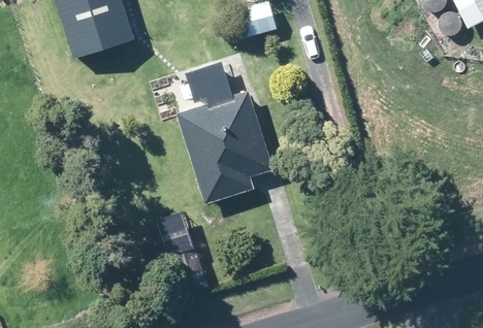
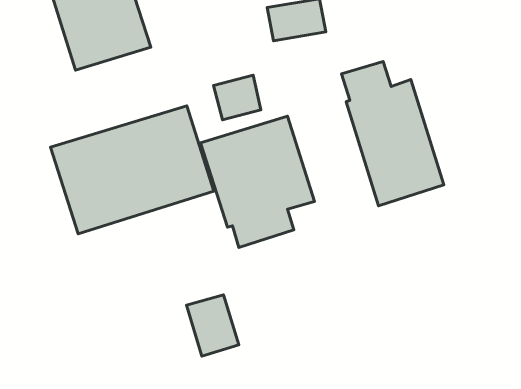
building: none -> [341,61,444,206]
building: none -> [51,106,214,234]

